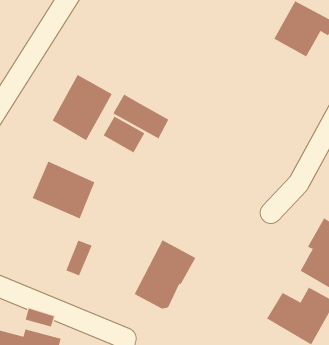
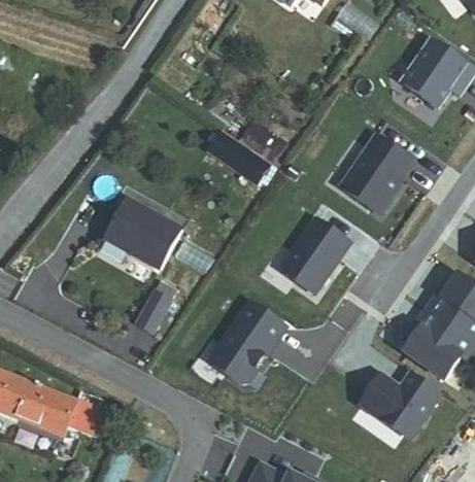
building: [52,74,113,141] -> none
building: none -> [340,135,412,214]
building: [103,116,145,153] -> [237,118,286,164]
building: none -> [283,219,349,294]

